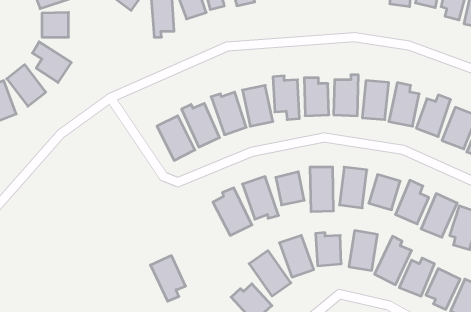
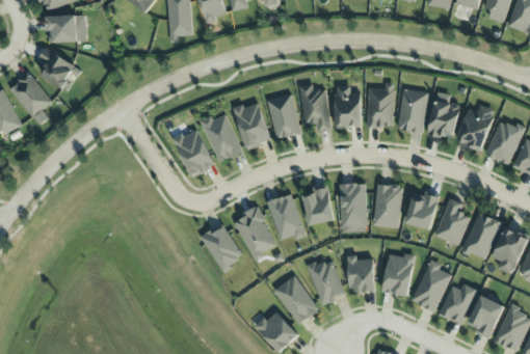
building: [150,256,186,301] -> [203,224,241,274]

